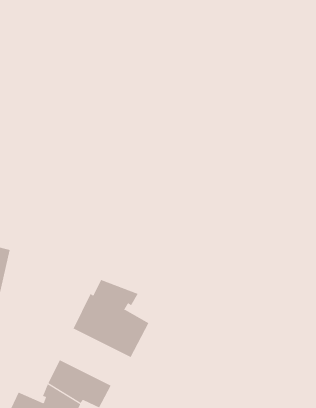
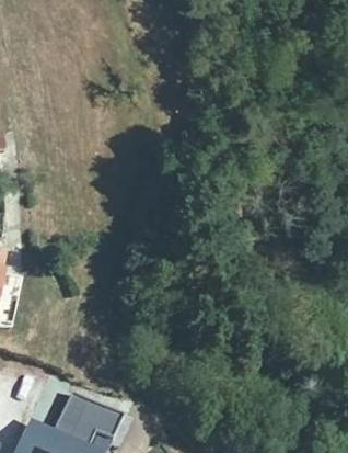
building: [73,279,149,358] -> none

